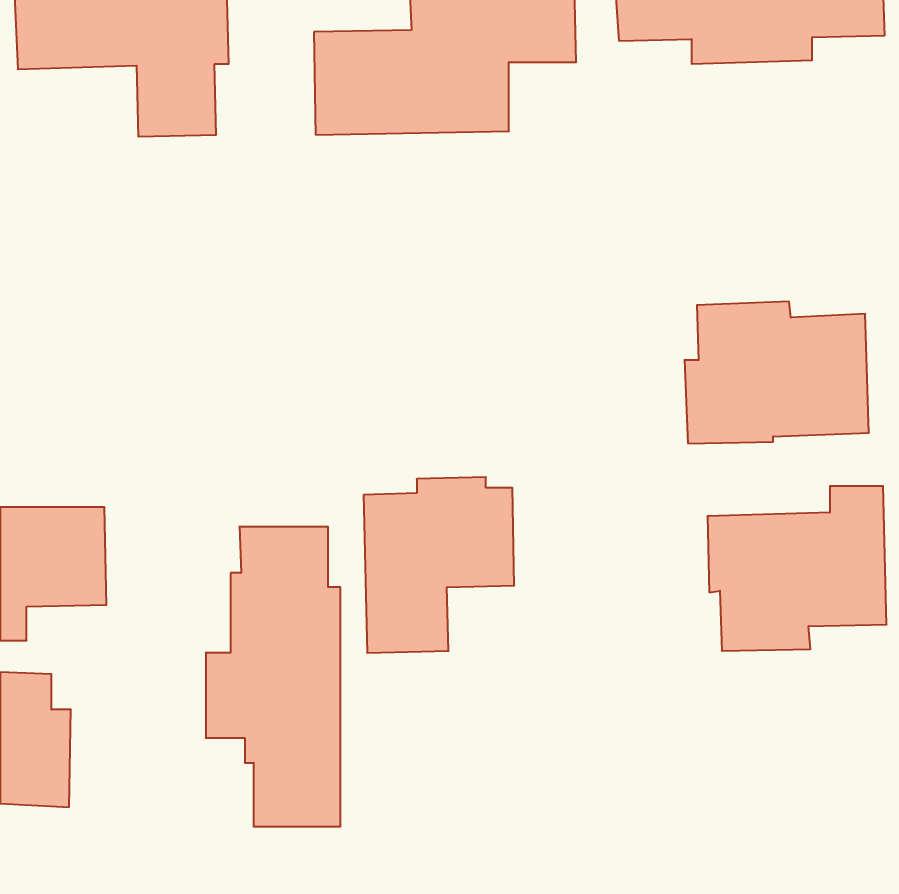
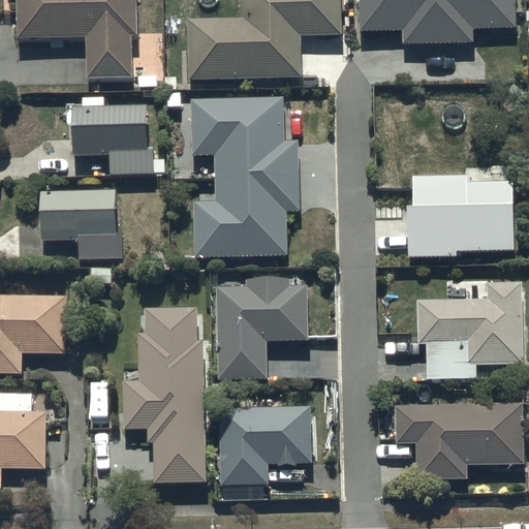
building: none -> [195,89,305,249]
building: none -> [72,96,153,174]
building: none -> [38,189,121,258]
building: none -> [395,402,524,480]
building: none -> [220,406,310,485]

